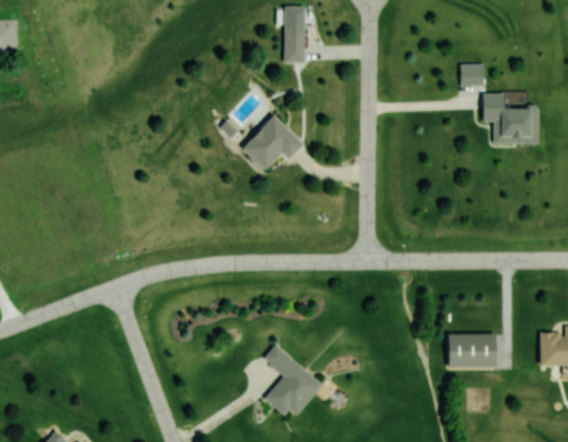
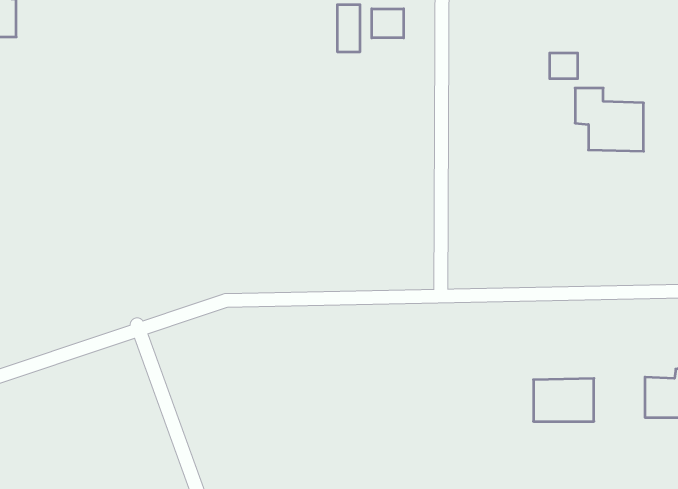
building: none -> [372,9,404,38]
building: [242,114,303,170] -> none
building: [262,343,321,414] -> none

